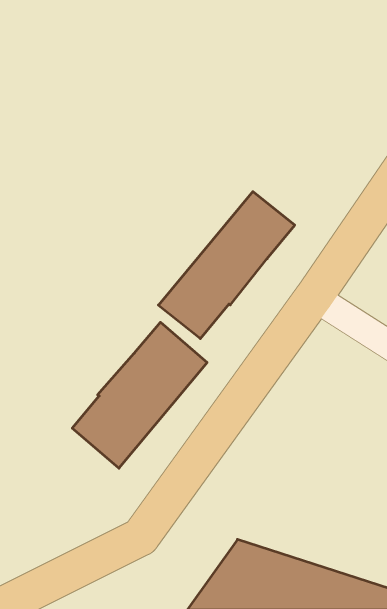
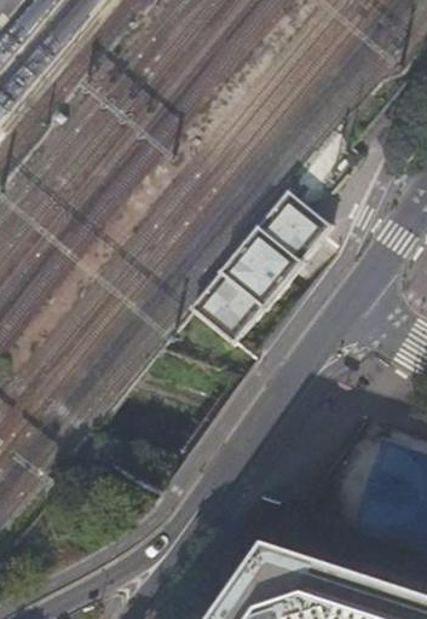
building: [72,322,207,468] -> none

